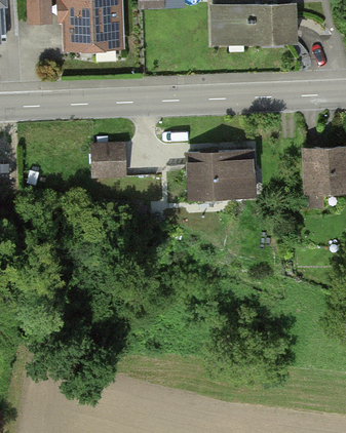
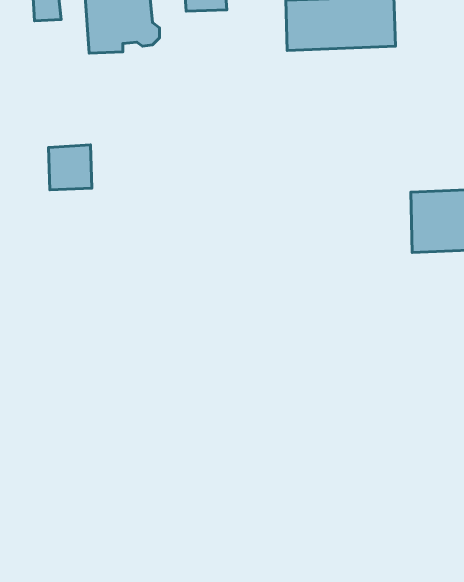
building: [93,144,125,176] -> [48,145,92,190]
building: [189,150,254,199] -> none

